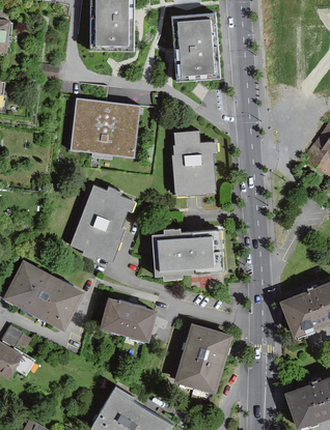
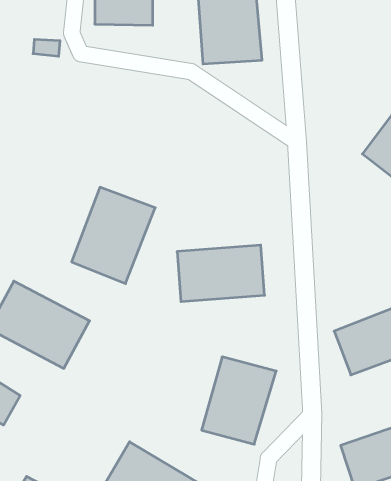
building: [67,99,143,159] -> none
building: [172,133,217,197] -> none
building: [98,297,156,343] -> none

